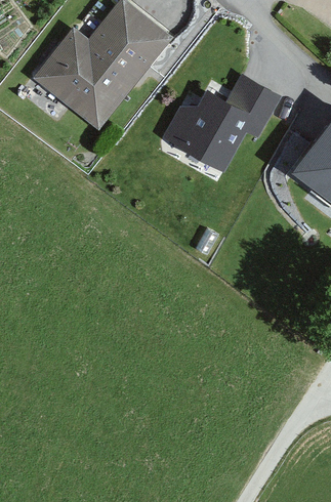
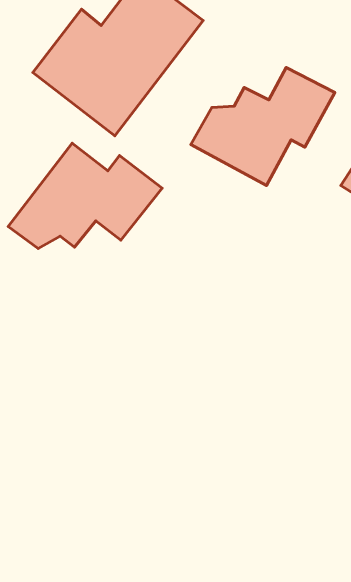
building: none -> [8,143,162,248]

